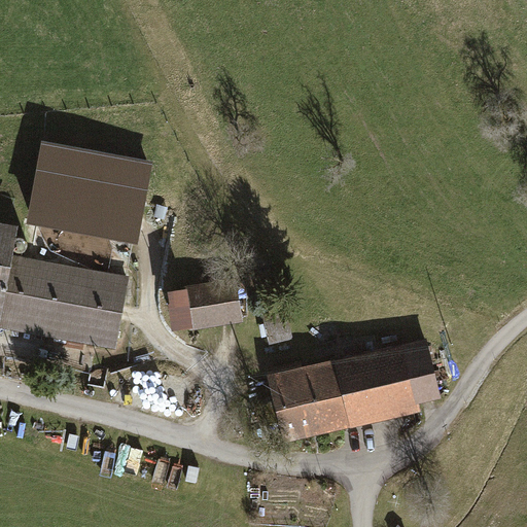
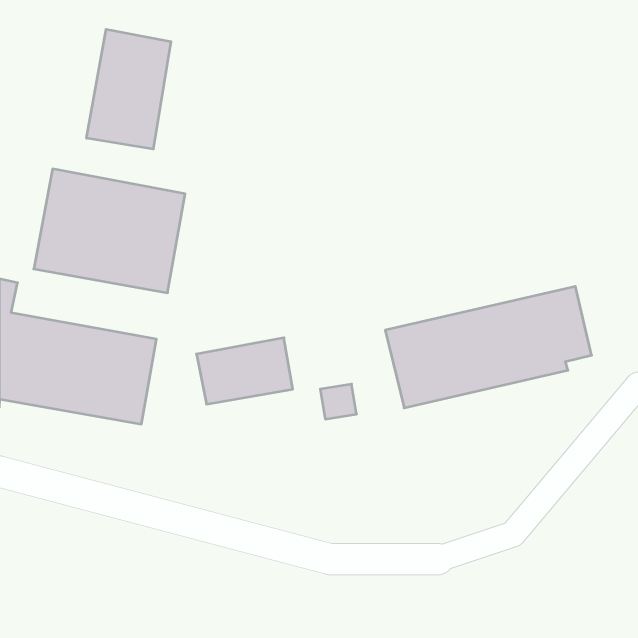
building: none -> [87,29,171,149]
building: [268,341,437,441] -> [385,286,592,408]

